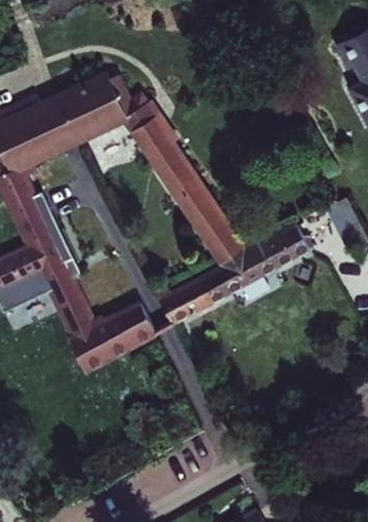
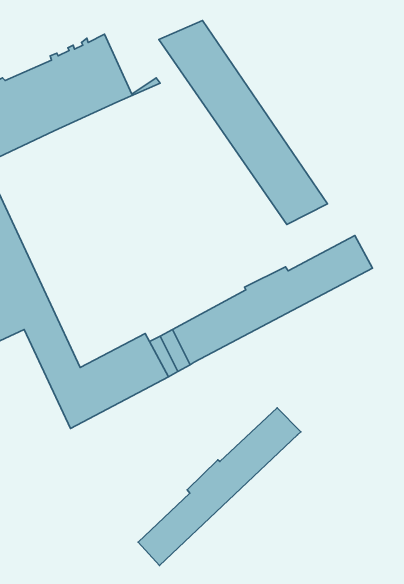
building: [121,109,248,263] -> [159,20,328,224]
building: none -> [138,408,301,565]

